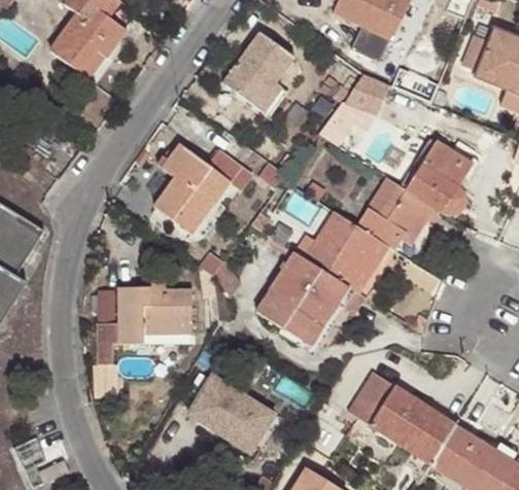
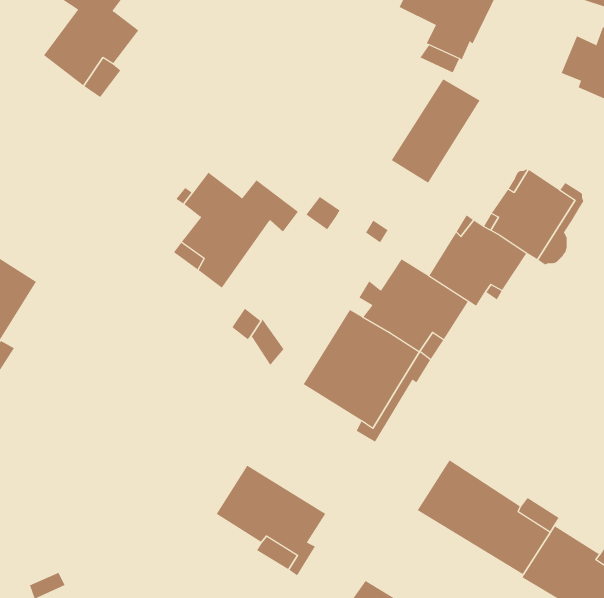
building: [221,32,292,111] -> none
building: [96,280,192,364] -> none

